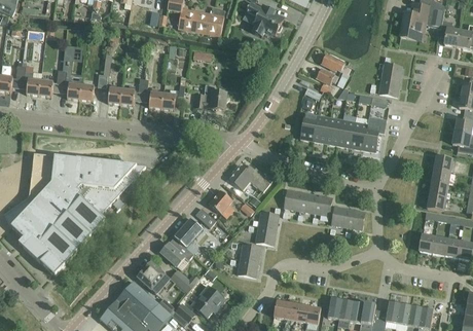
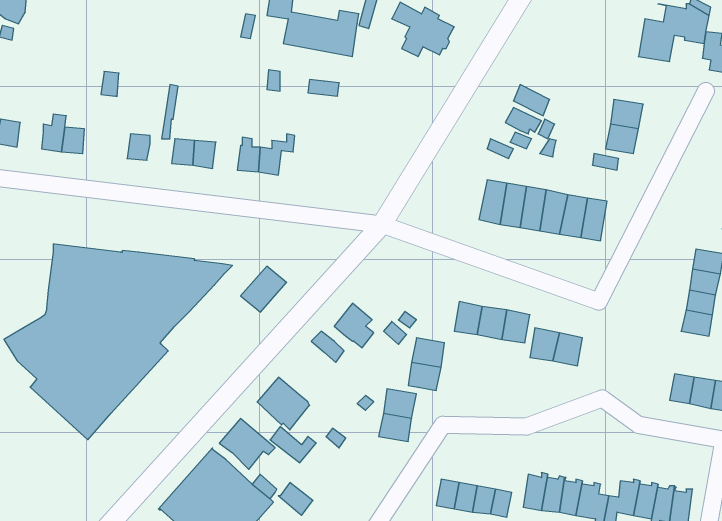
building: [62,70,83,100] -> none
building: [195,84,227,109] -> none
building: [230,163,271,191] -> none
building: [175,218,204,247] -> [241,266,287,312]
building: [194,285,226,318] -> none

